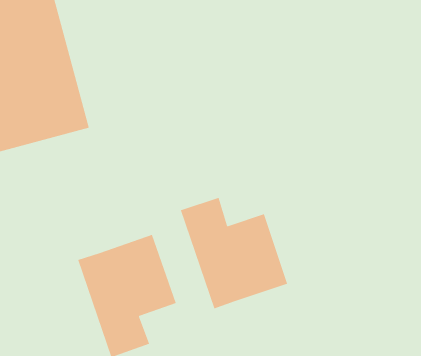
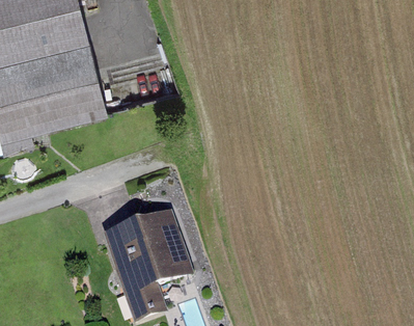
building: [180,197,288,310] -> none

